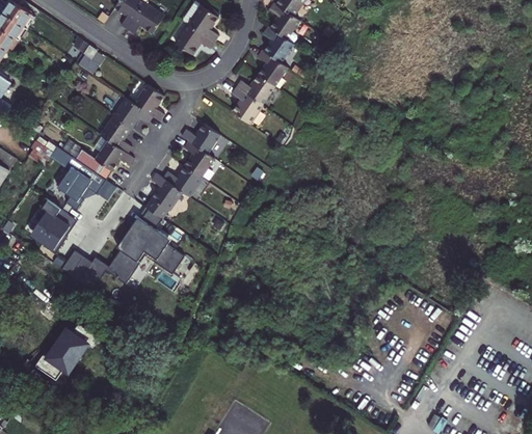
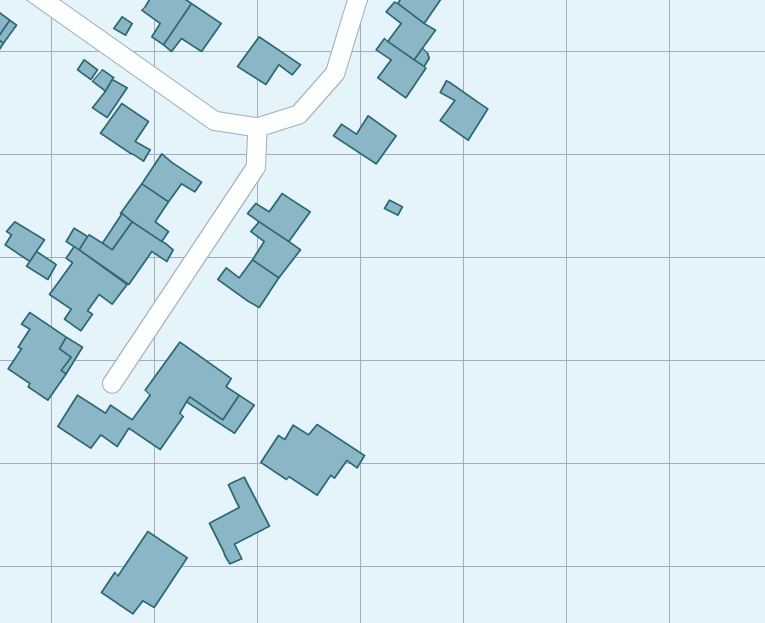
building: [188,6,218,43] -> none
building: [257,50,287,87] -> [440,81,488,140]
building: [133,85,164,121] -> [101,103,150,161]
building: [231,87,262,124] -> none
building: [144,173,181,219] -> none
building: none -> [261,425,365,495]
building: none -> [210,477,269,564]
building: [36,327,90,379] -> [102,531,187,614]

